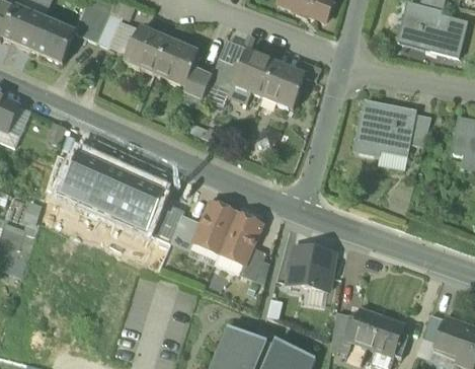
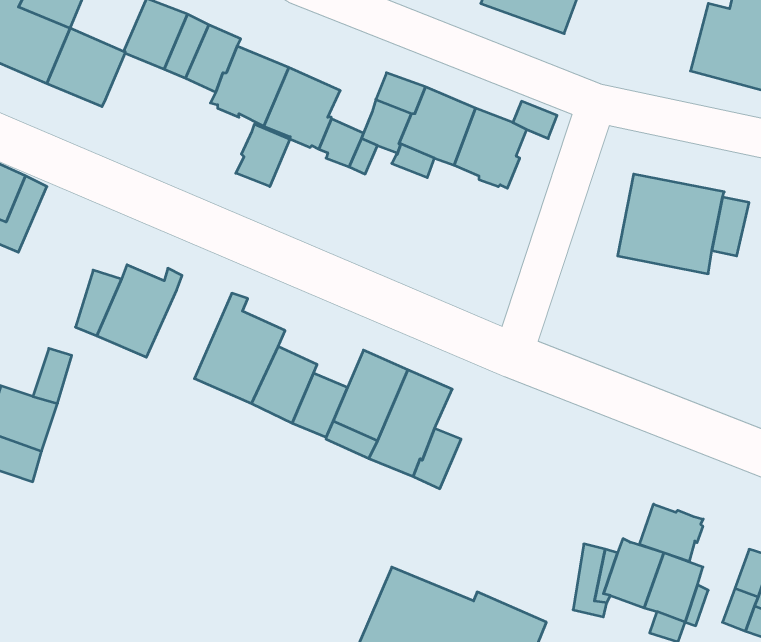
building: none -> [236,124,290,187]
building: [88,164,137,217] -> none
building: [289,244,334,290] -> none
building: none -> [639,504,703,562]

